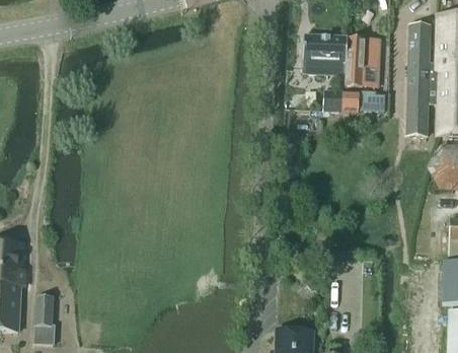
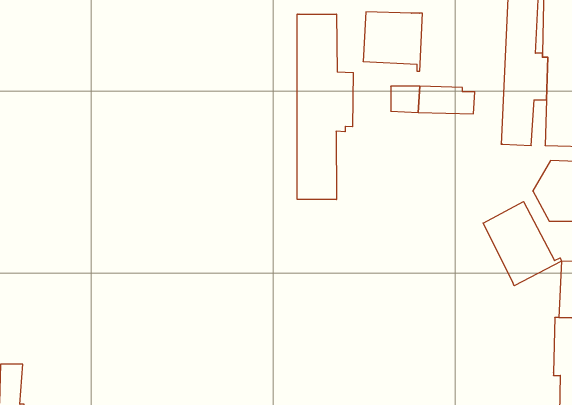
building: [345,36,379,86] -> none
building: none -> [297,14,353,200]
building: none -> [483,202,562,286]

